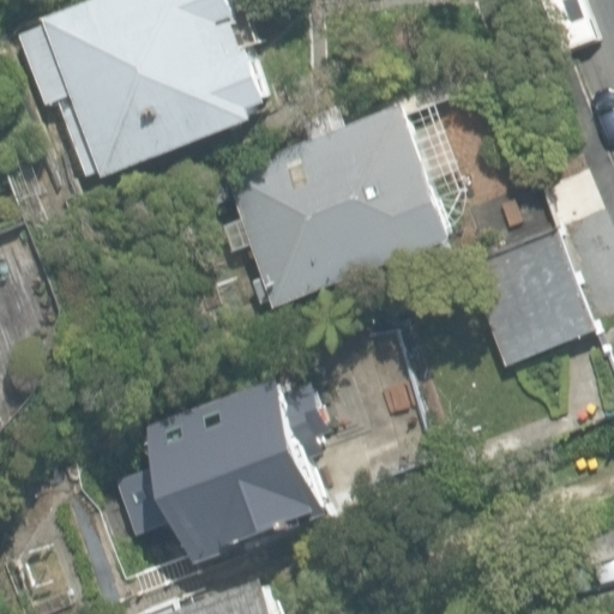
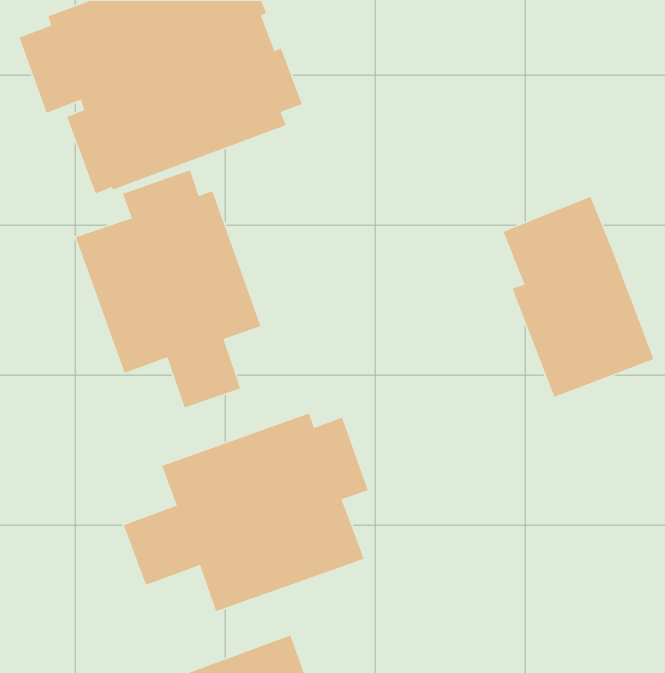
building: [222,104,456,308] -> none
building: none -> [75,169,261,408]

